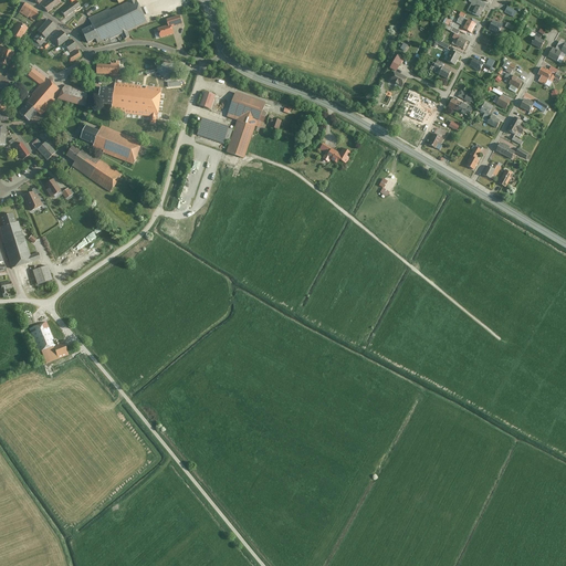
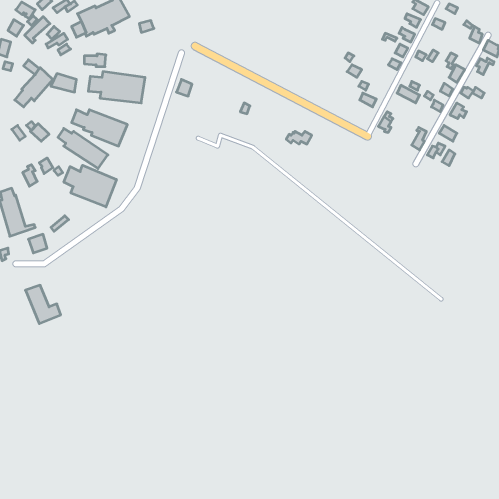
building: [198,88,268,156] -> none
building: none -> [64,165,116,207]

